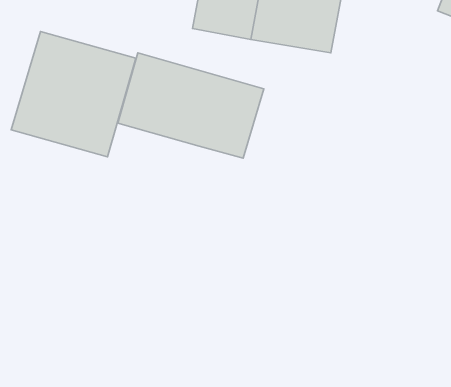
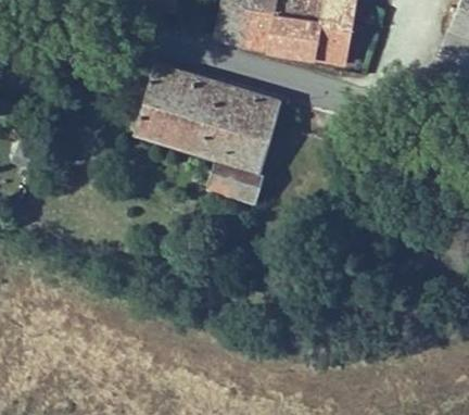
building: [11,32,136,157] -> none
building: none -> [207,160,259,201]

